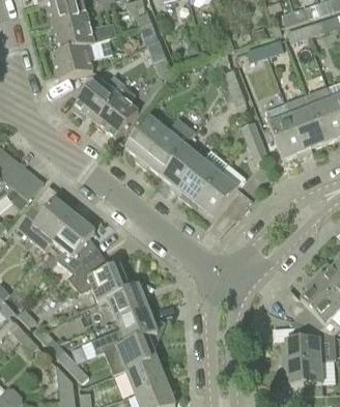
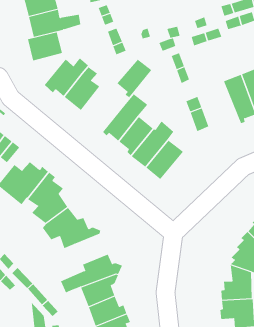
building: [264,104,306,159] -> none
building: [125,117,168,164] -> [117,59,152,98]
building: [95,281,151,321] -> none

